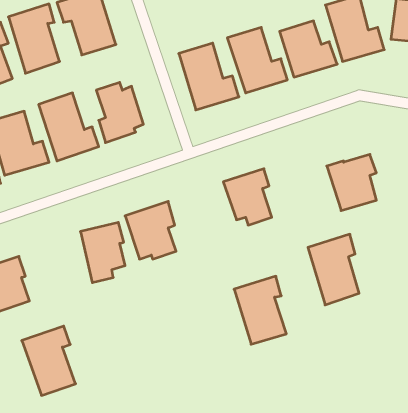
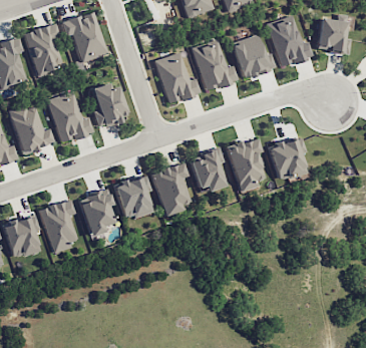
building: [308,234,359,305] -> [227,137,266,192]
building: [234,276,286,344] -> [151,162,192,215]
building: [22,326,76,395] -> [38,200,79,253]

